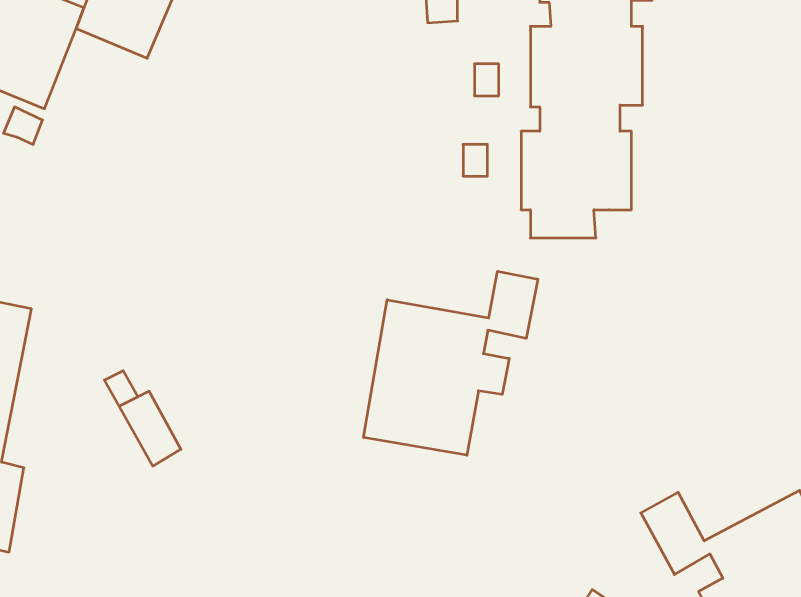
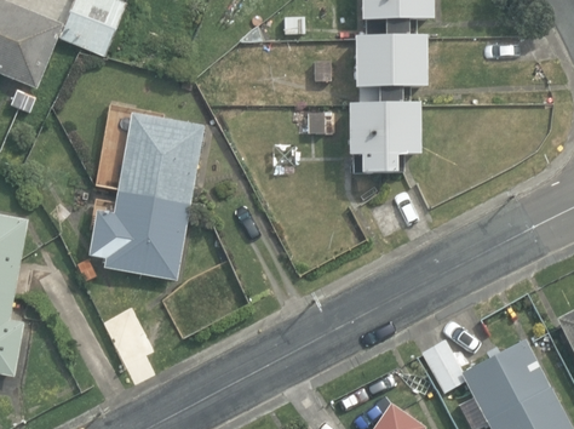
building: none -> [87,114,203,282]
building: [364,271,538,455] -> none

